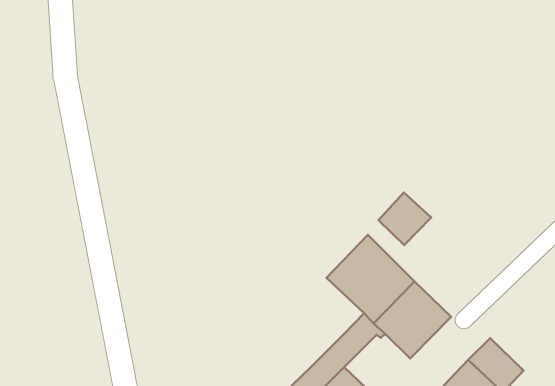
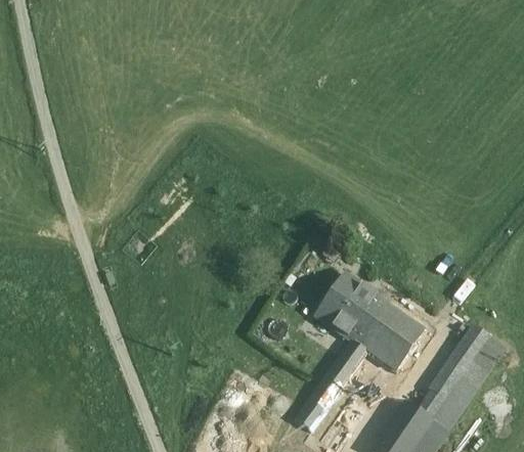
building: [378,193,431,245] -> none
building: none -> [462,323,507,363]

